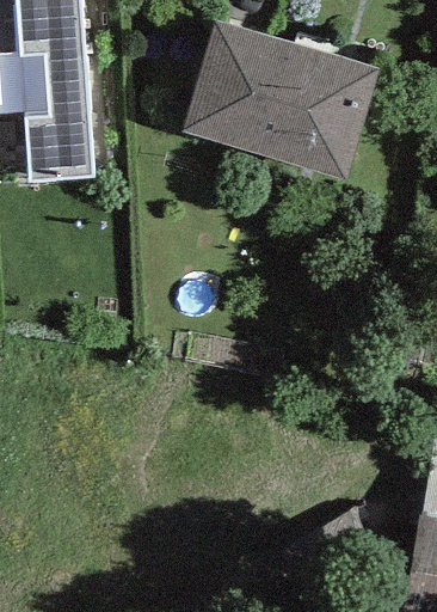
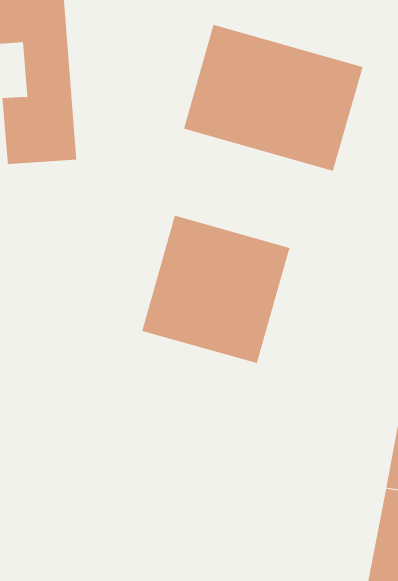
building: none -> [142,215,290,364]

